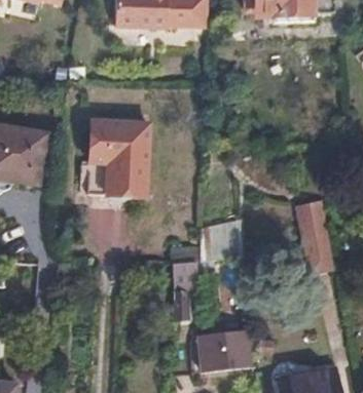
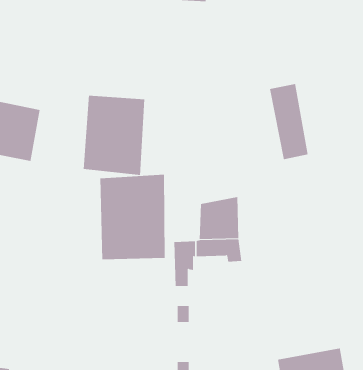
building: none -> [100,174,165,260]
building: [295,200,333,274] -> [269,84,308,160]
building: [196,330,252,374] -> none

